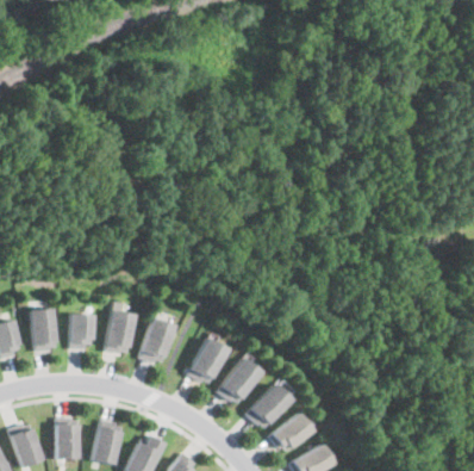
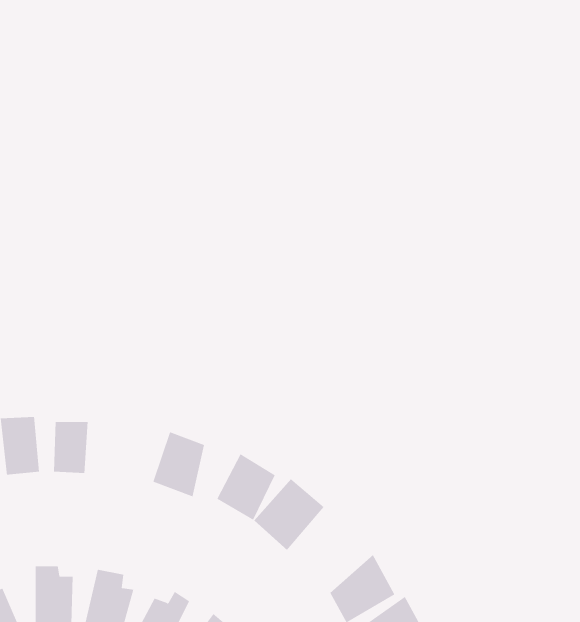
building: [104,314,138,360] -> none
building: [242,382,294,433] -> none

